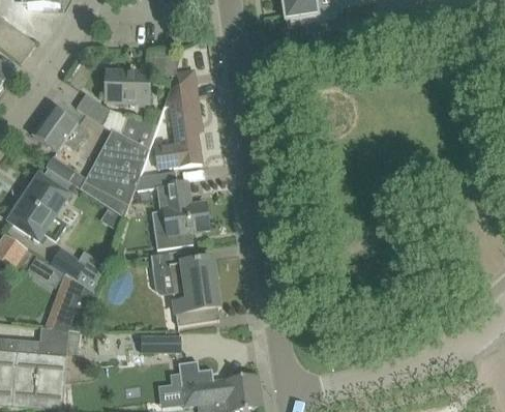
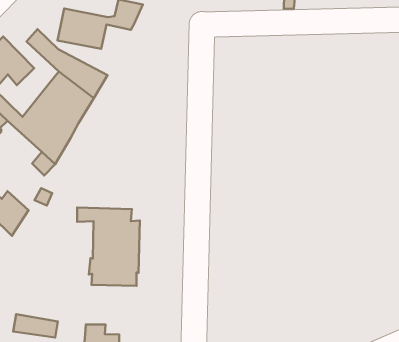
building: [152,70,200,168] -> none
building: [132,170,207,248] -> none
building: [140,336,180,353] -> [13,314,58,337]

